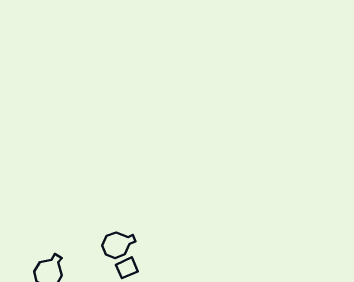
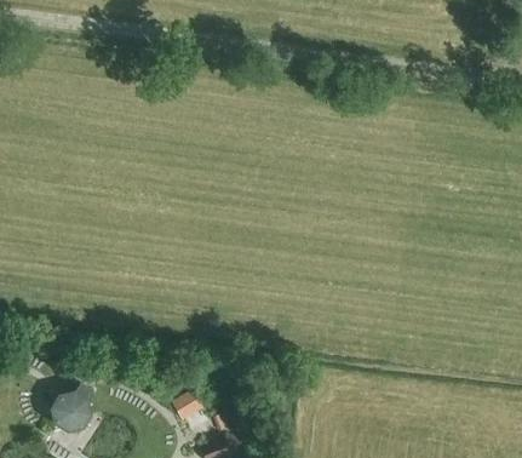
building: [102,232,136,258] -> none

